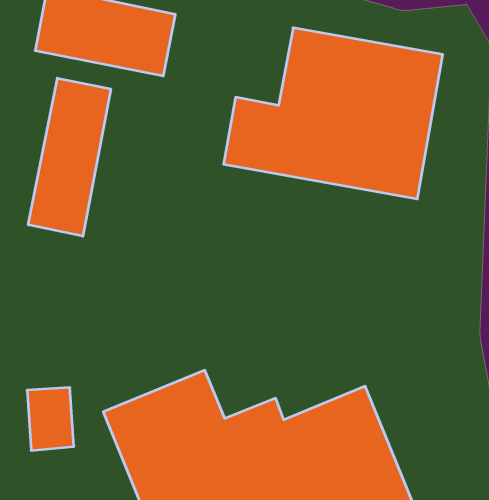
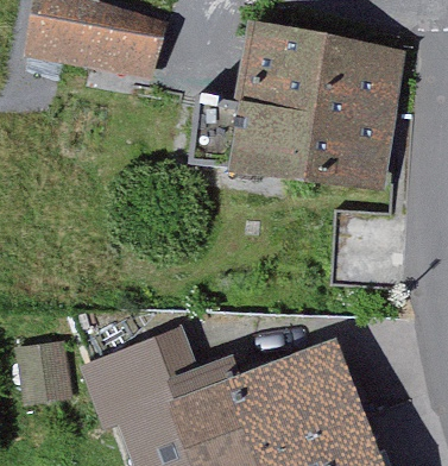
building: [28,78,111,236] -> none

